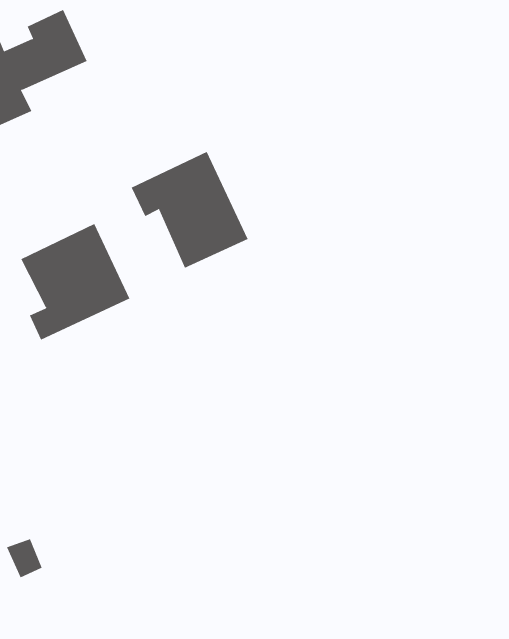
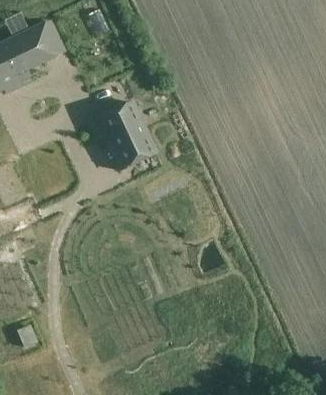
building: [20,223,130,340] -> none

